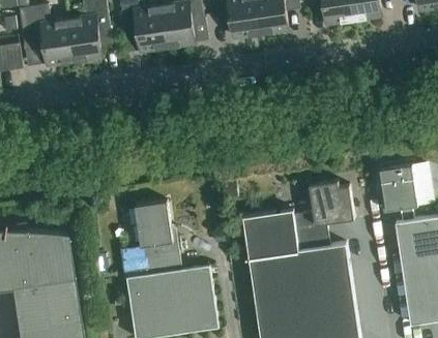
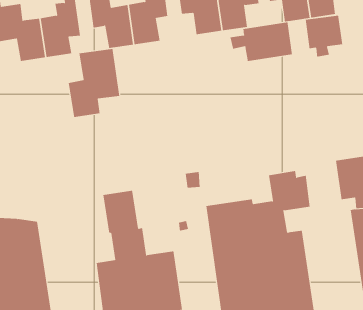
building: none -> [305,15,343,57]
building: none -> [230,22,293,62]
building: none -> [68,48,120,118]

